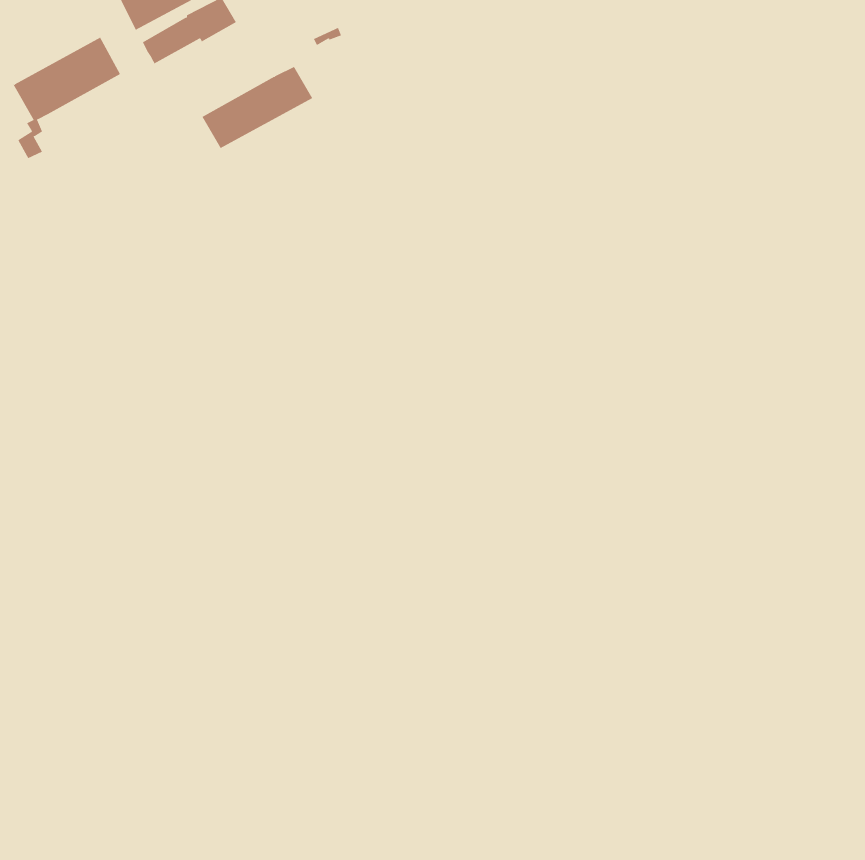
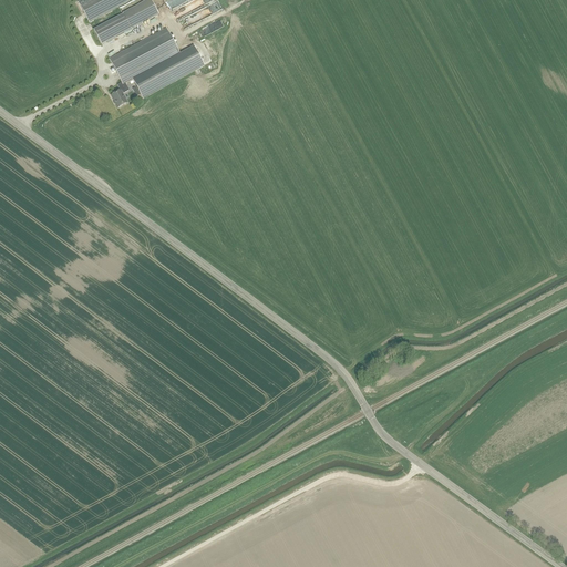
building: [12,37,121,159] -> [109,25,179,105]

